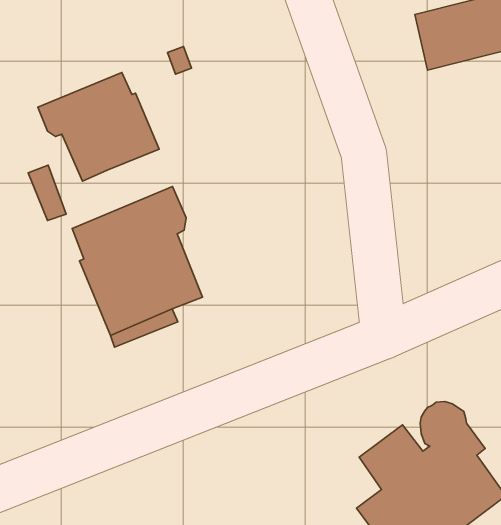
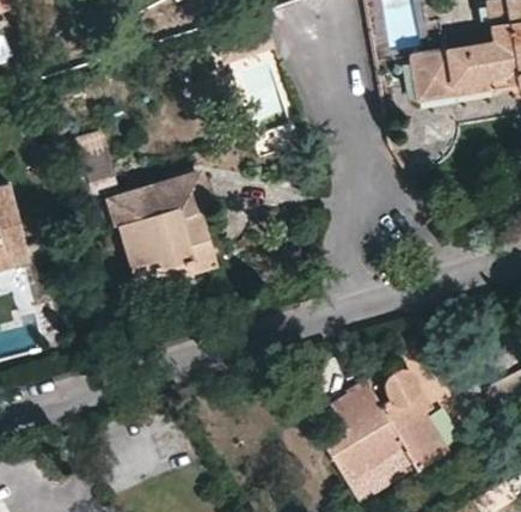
building: [38,72,159,181] -> none

